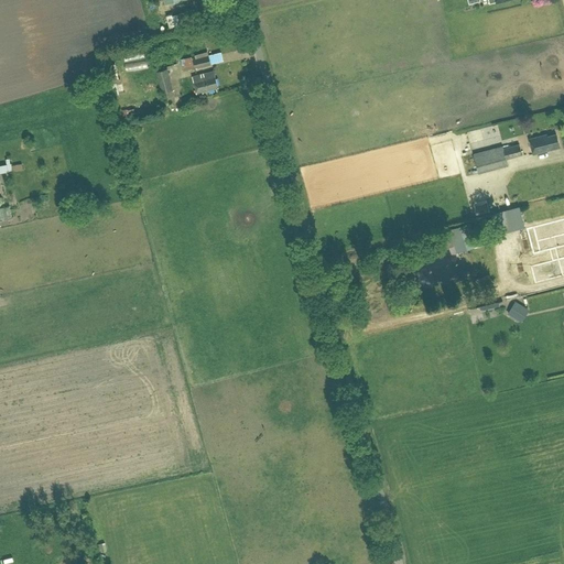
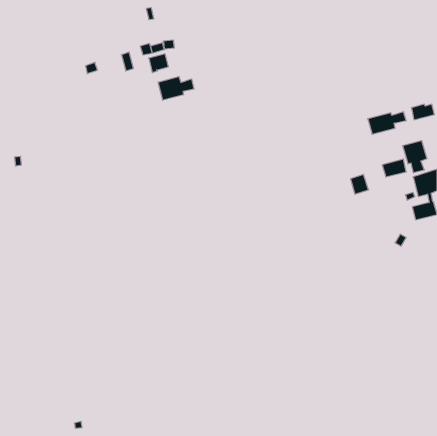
building: none -> [158,77,194,100]
building: none -> [403,141,427,173]

